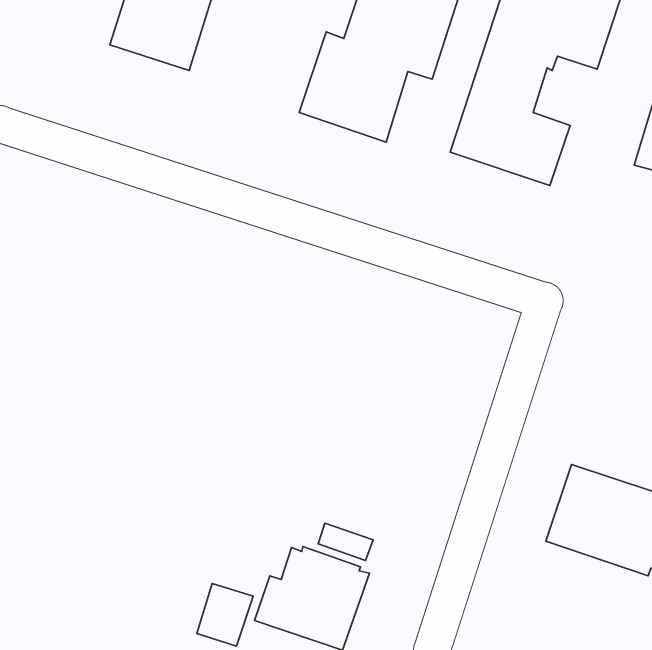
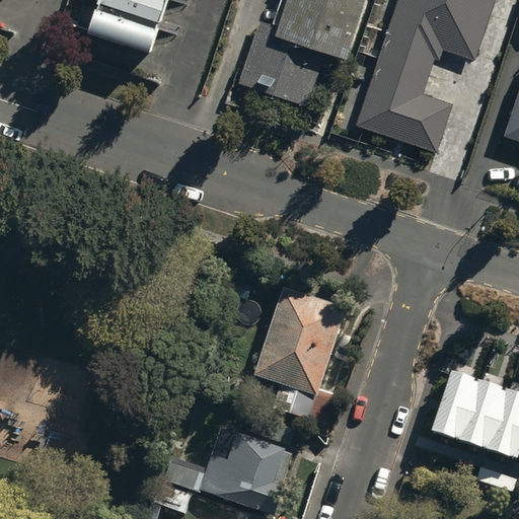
building: none -> [251,293,341,428]

